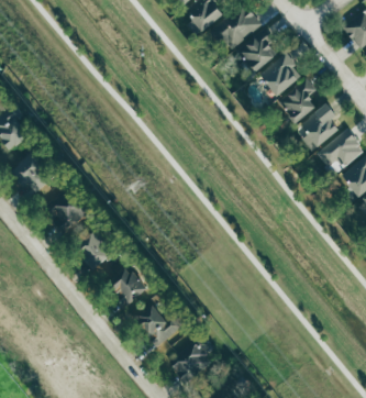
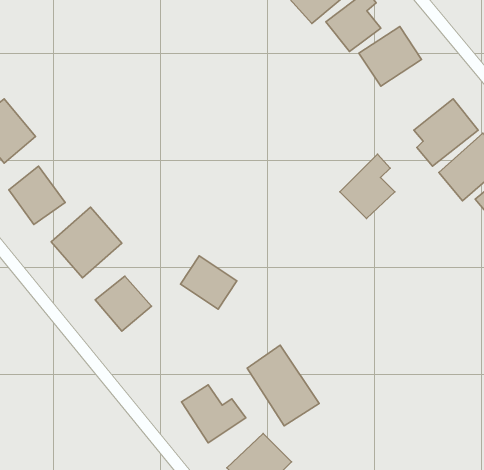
building: [279,79,318,124] -> [340,154,395,218]
building: [108,265,147,302] -> [180,256,237,309]
building: none -> [247,345,319,426]

